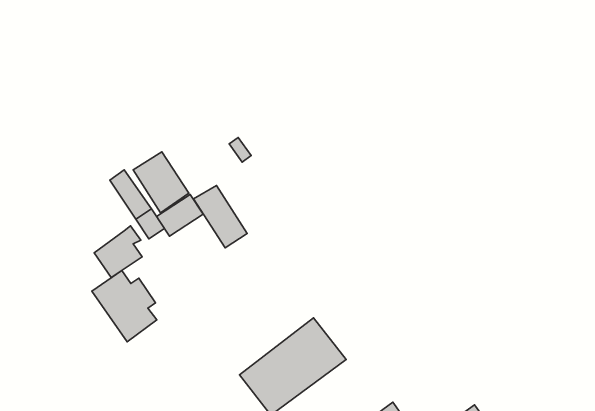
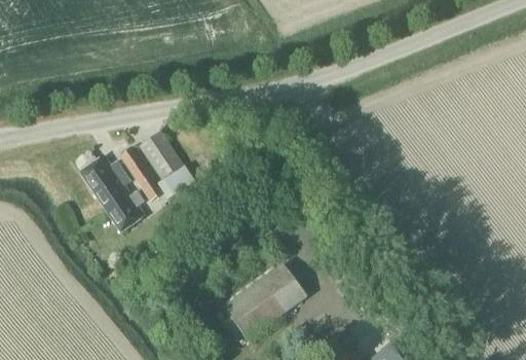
building: [193,185,247,248] -> none
building: [92,271,157,342] -> [79,154,130,211]

